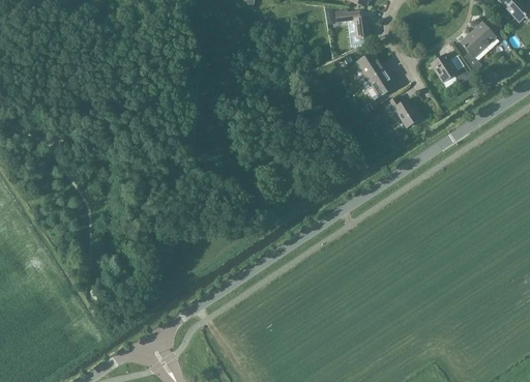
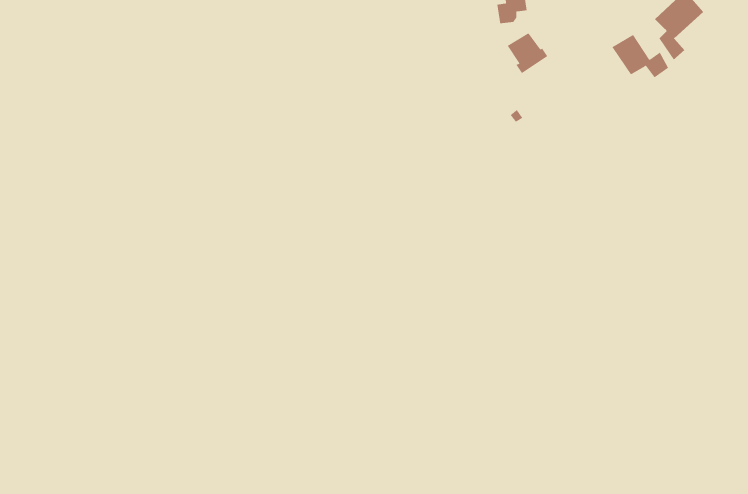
building: [367,68,395,96] -> none
building: [384,96,421,127] -> none

